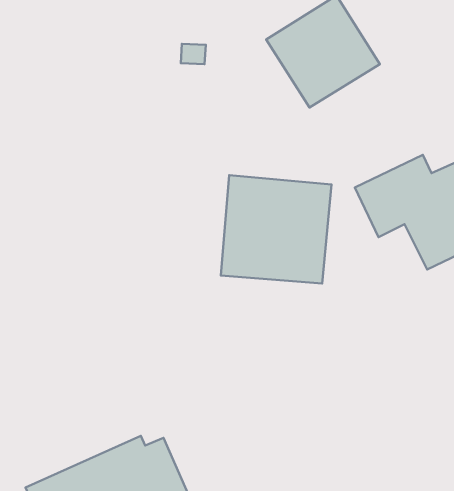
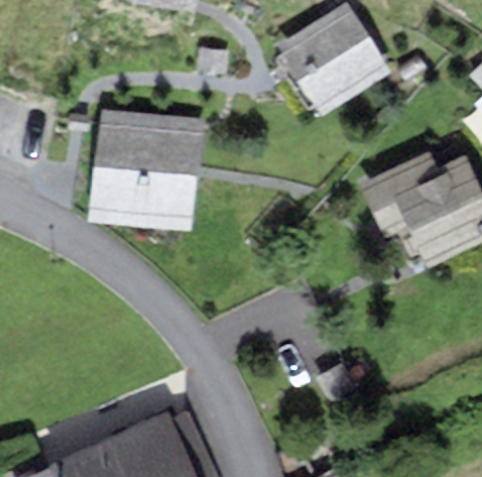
building: none -> [90,115,198,225]
building: [221,175,331,283] -> none

